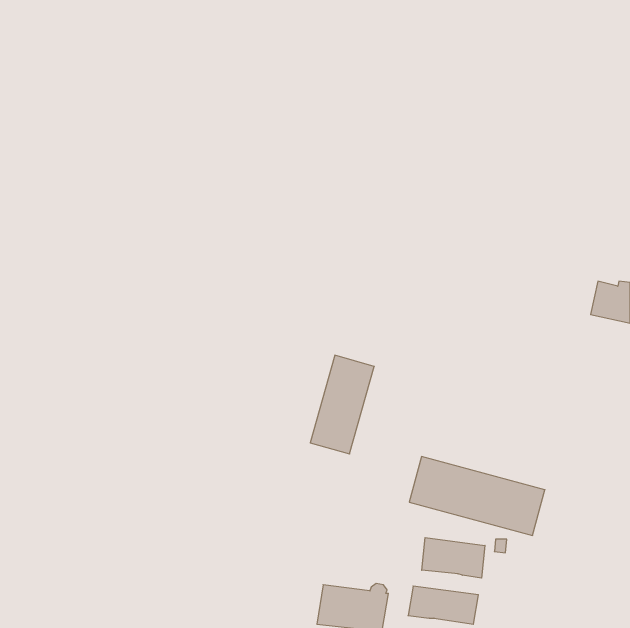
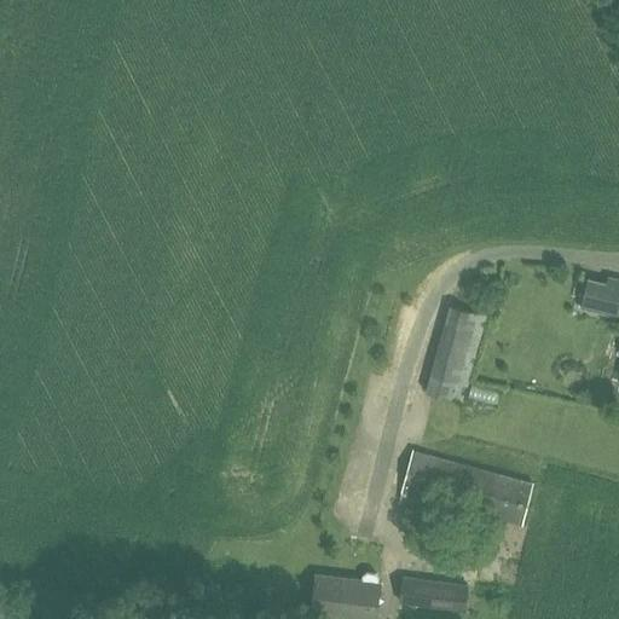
building: [310,355,374,454] -> [426,307,488,404]
building: [422,538,485,578] -> none

